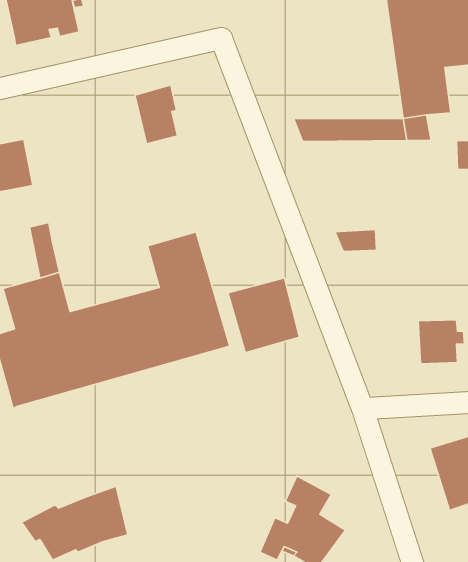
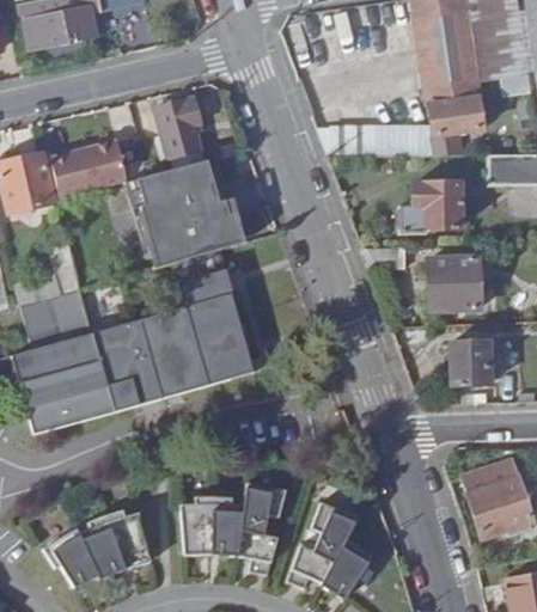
building: none -> [49,139,126,196]
building: none -> [133,159,237,267]
building: none -> [401,185,459,235]
building: none -> [431,257,482,308]
building: [228,278,300,353] -> none
building: none -> [179,483,286,574]

